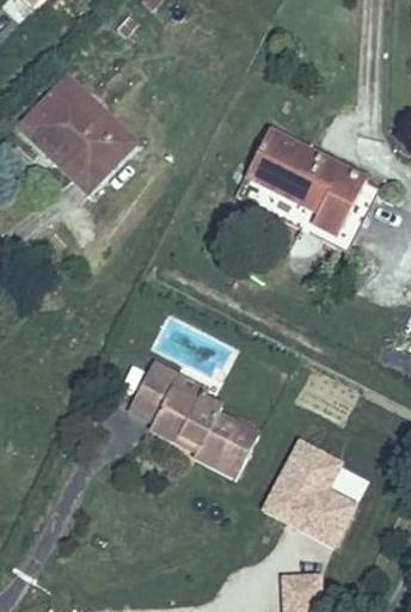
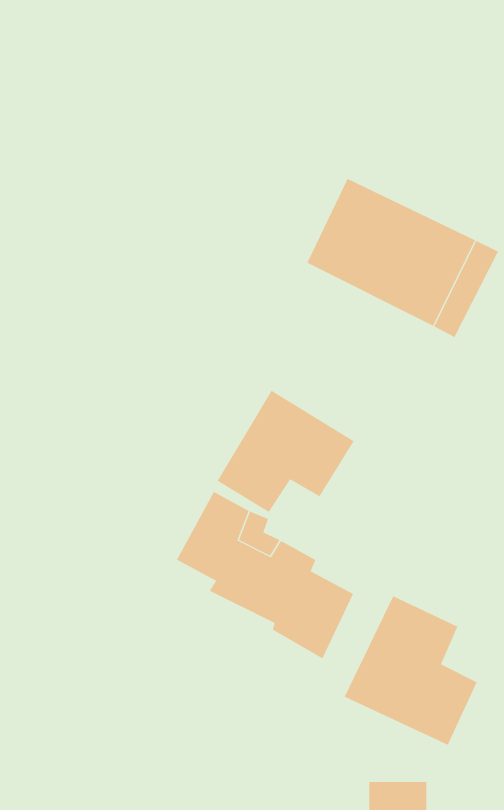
building: [17,69,134,186] -> none
building: none -> [217,390,354,513]

